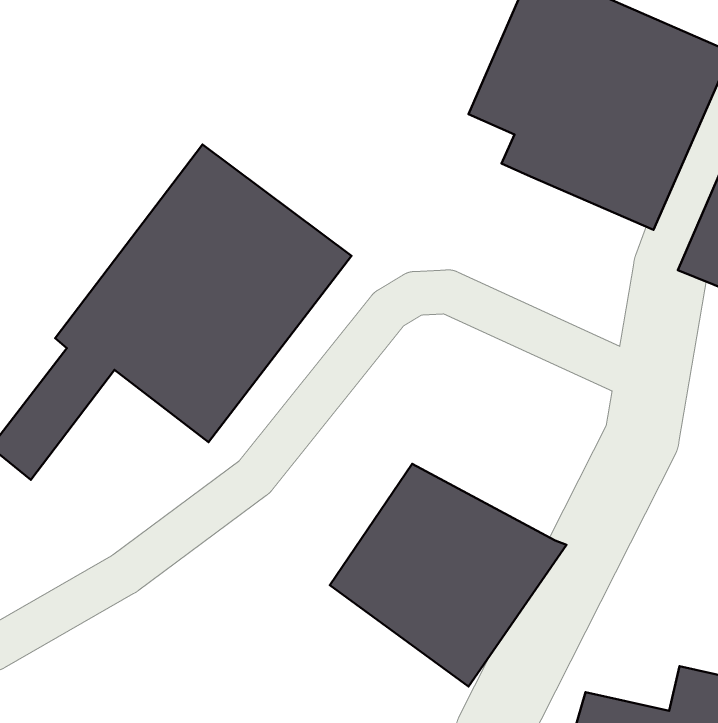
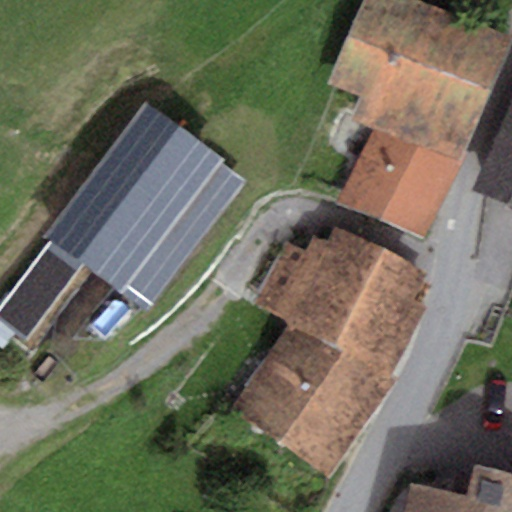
building: none -> [339,125,461,238]
building: none -> [253,228,427,377]

